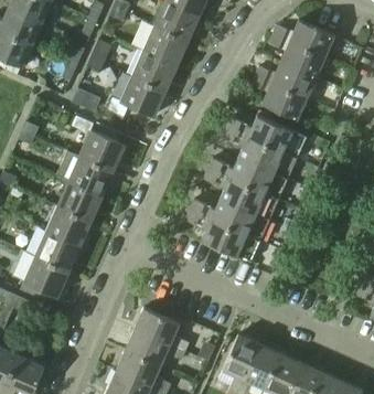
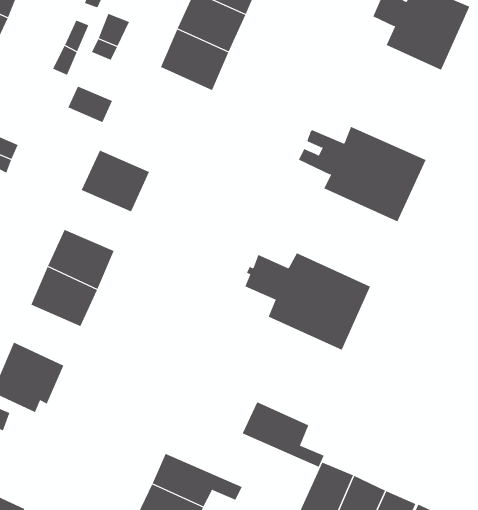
building: [250,61,316,118] -> none
building: [120,75,165,116] -> none
building: [55,150,113,195] -> none
building: [203,155,287,219] -> none
building: [35,231,79,270] -> none
building: [135,307,189,350] -> [242,402,324,467]

